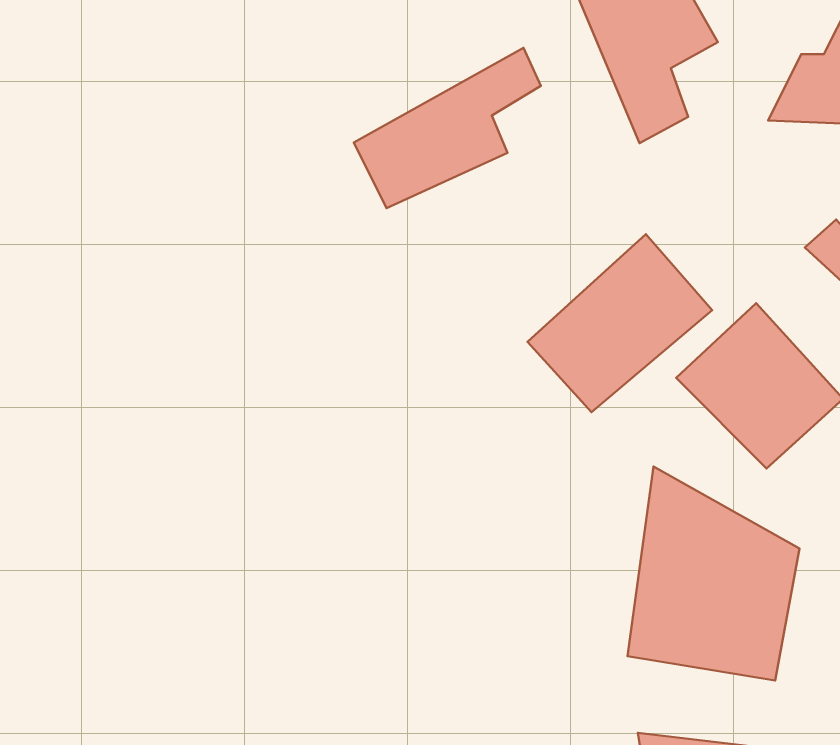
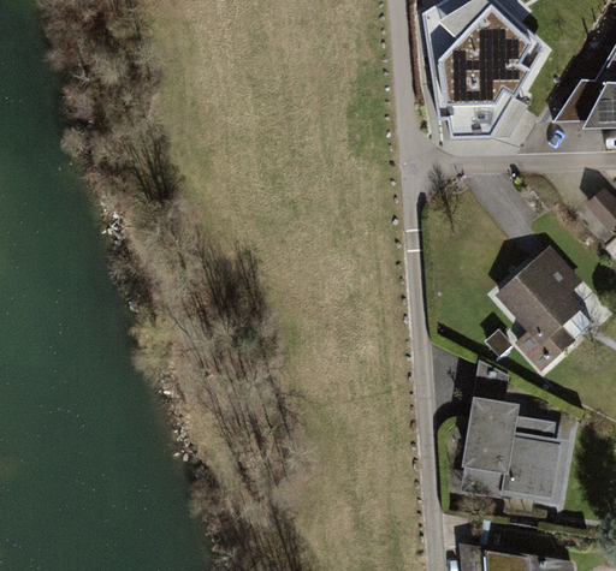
building: [354,48,541,208] -> none
building: [528,234,712,412] -> none

